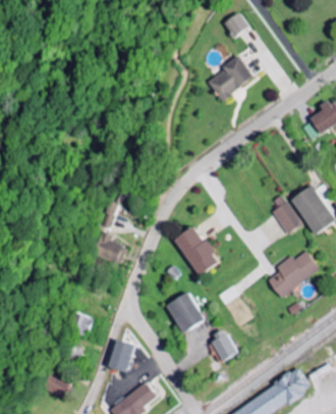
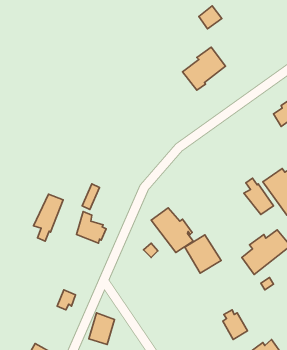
building: none -> [34,194,63,241]
building: [165,292,204,332] -> [185,235,221,273]
building: [212,329,238,361] -> [223,310,248,339]

